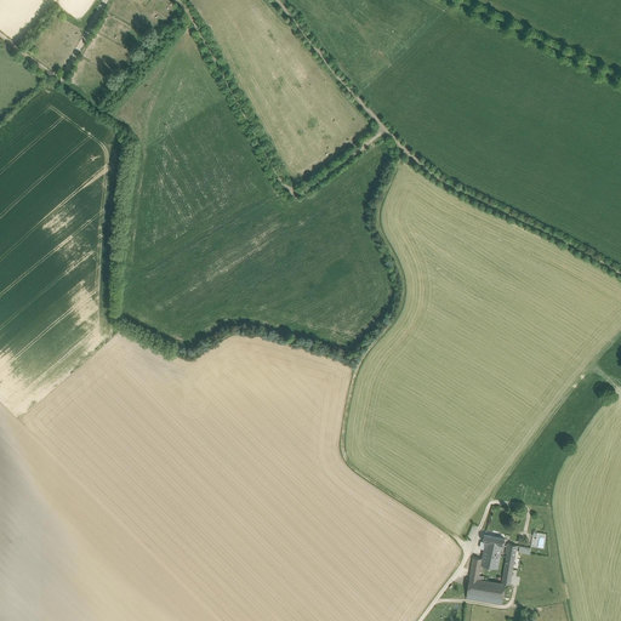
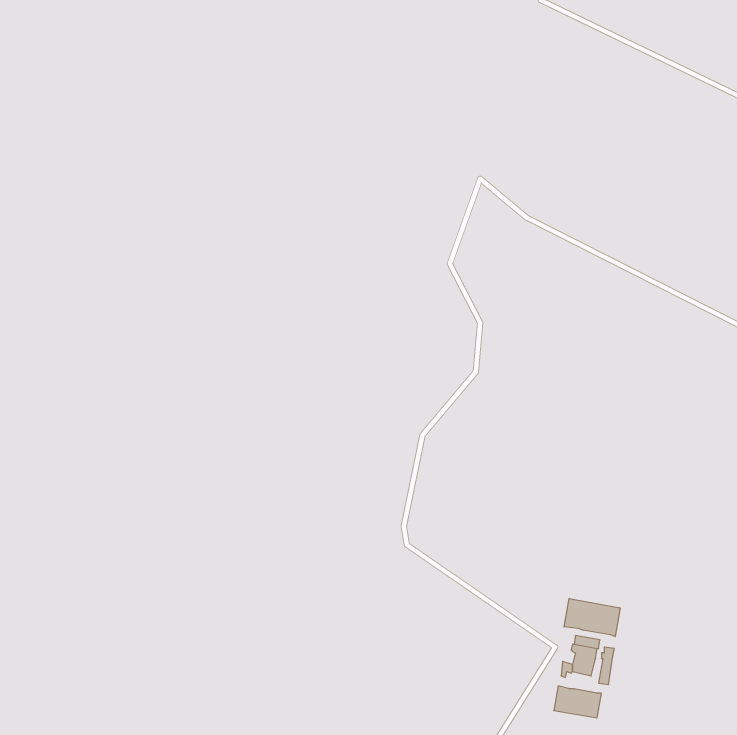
building: none -> [564,598,620,637]

